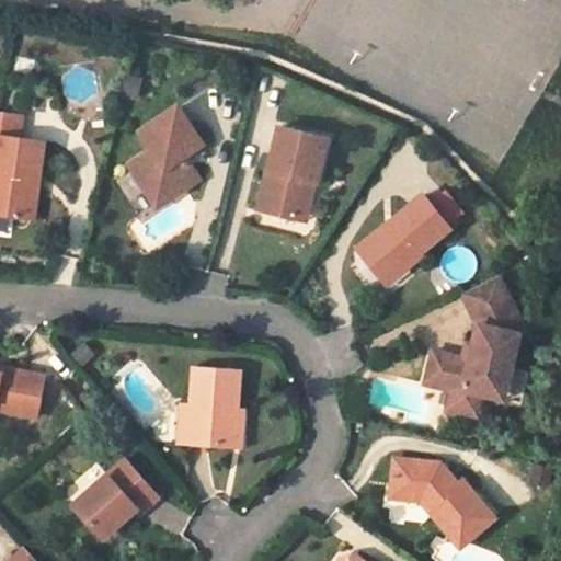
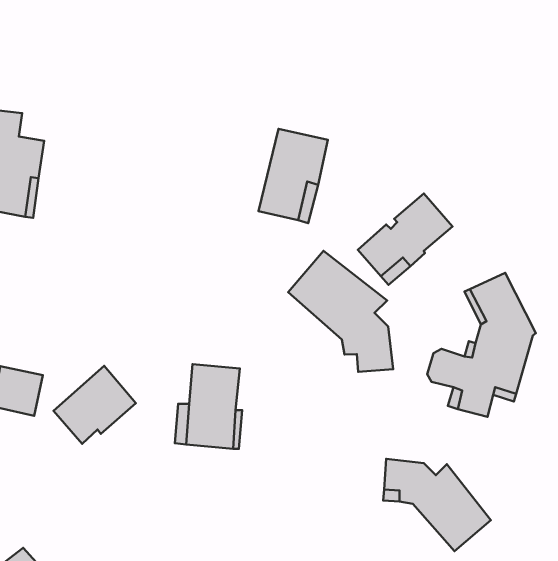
building: [130,108,204,207] -> none
building: none -> [288,251,393,372]
building: [72,459,154,537] -> [53,366,136,444]

